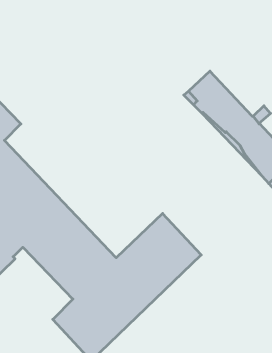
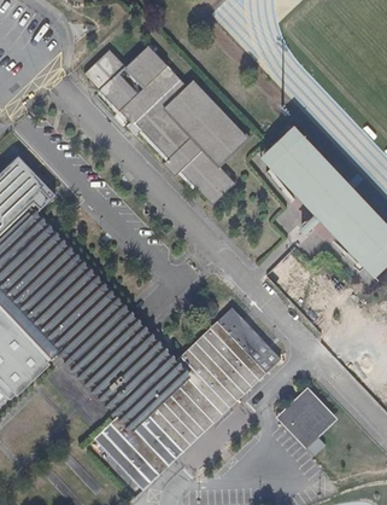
building: none -> [89,43,248,203]
building: none -> [275,387,334,454]

